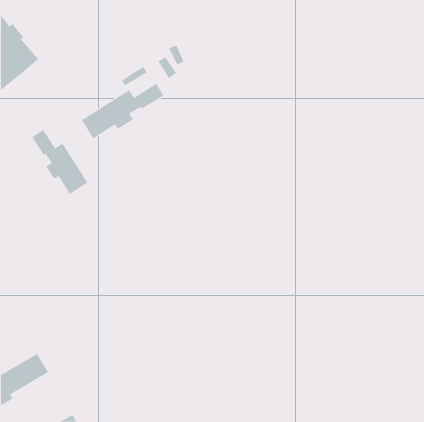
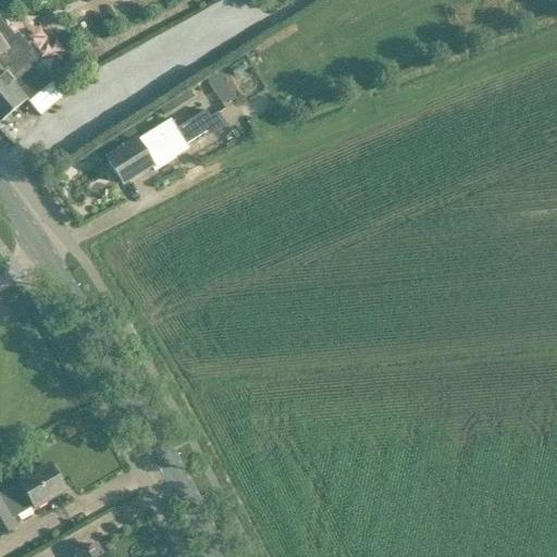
building: [31,129,88,195] -> none

